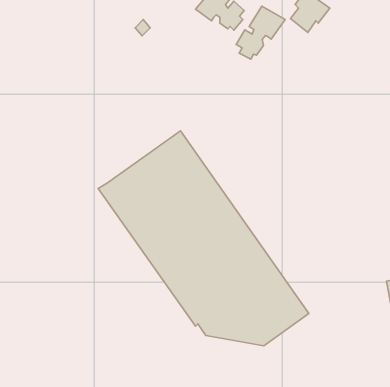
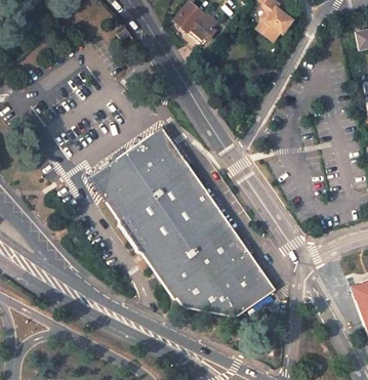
building: [236,6,285,59] -> none

